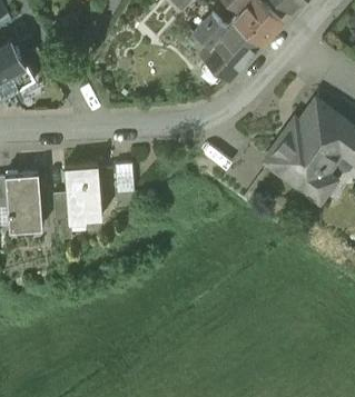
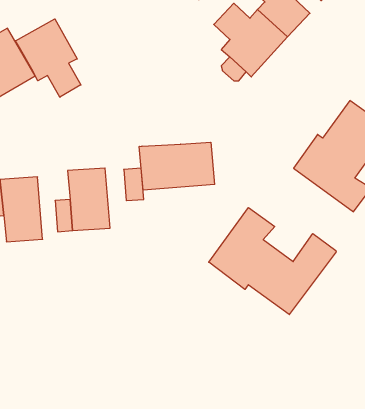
building: none -> [15,19,81,97]
building: none -> [139,142,215,190]
building: none -> [209,208,336,315]

